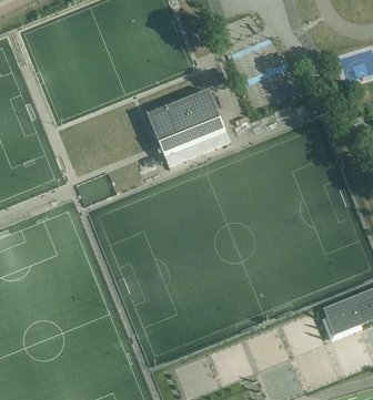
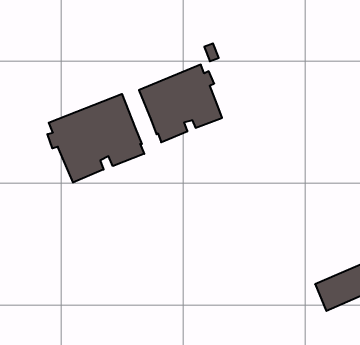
building: none -> [47,94,144,183]

